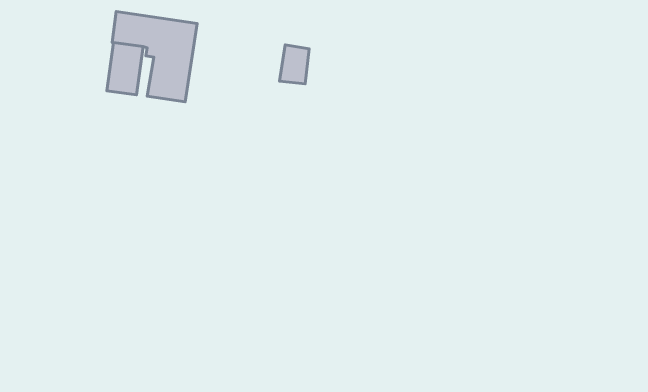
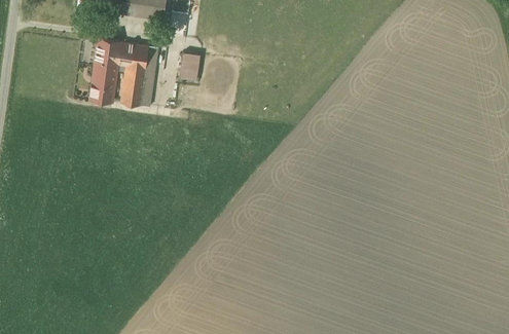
building: [280,45,309,84] -> [179,52,202,82]

